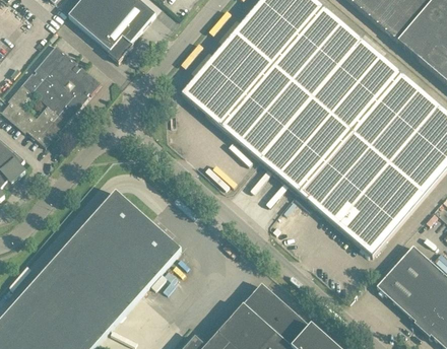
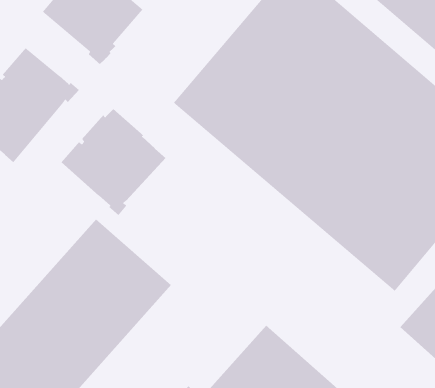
building: none -> [61,108,167,216]

